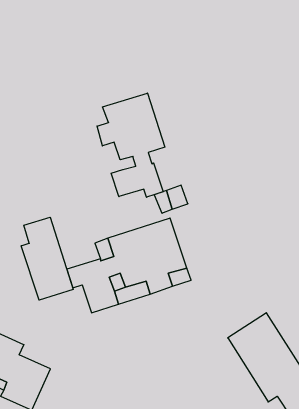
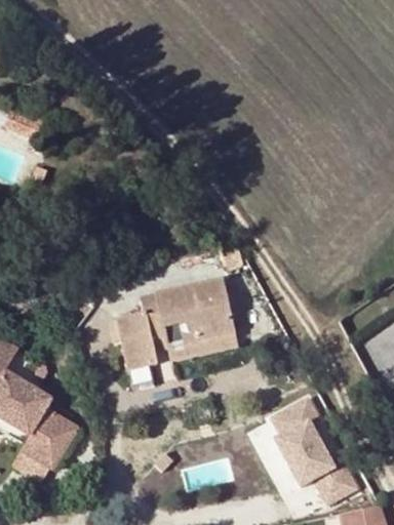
building: [97,93,165,197] -> none
building: [21,217,73,300] -> none

